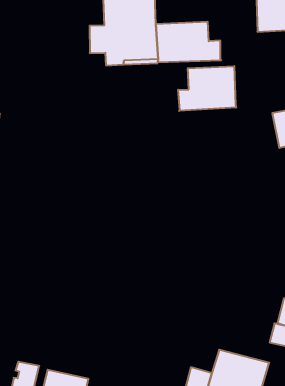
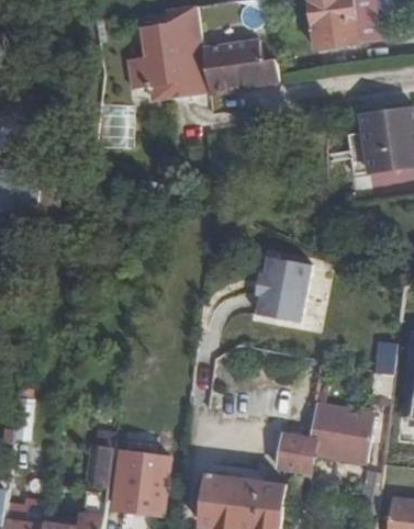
building: [178,66,236,111] -> none
building: none -> [256,256,313,323]

